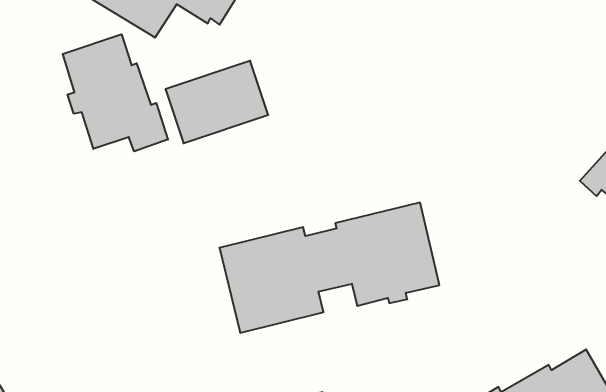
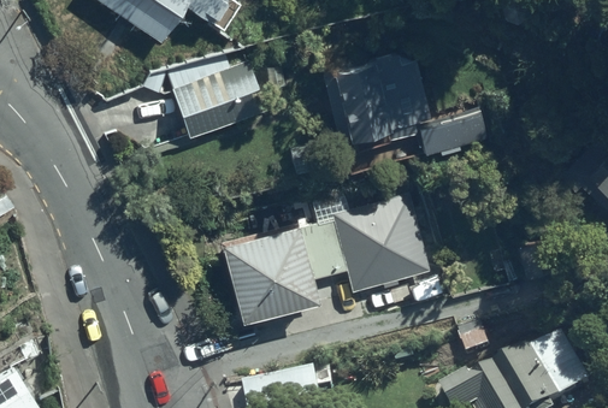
building: [63,34,168,151] -> none
building: none -> [320,54,485,170]

